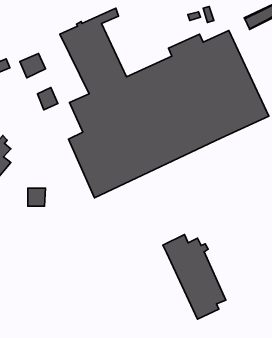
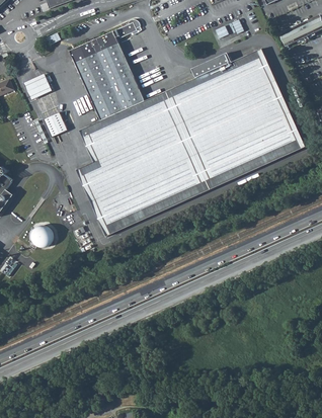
building: [163,235,226,319] -> none

